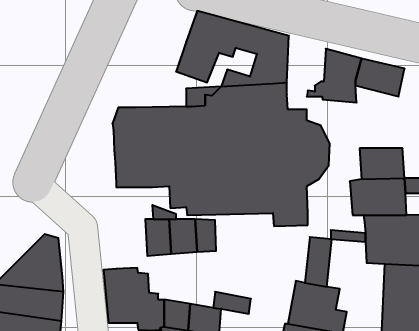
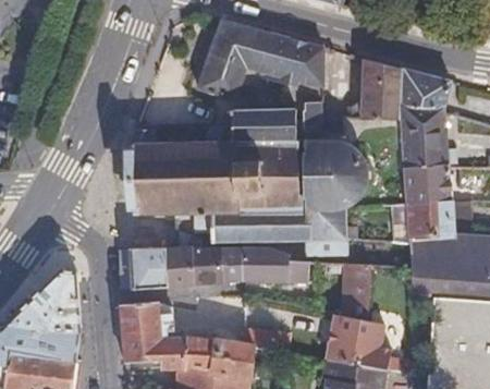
building: none -> [397,101,456,170]
building: none -> [134,247,170,290]
building: none -> [244,248,308,282]

